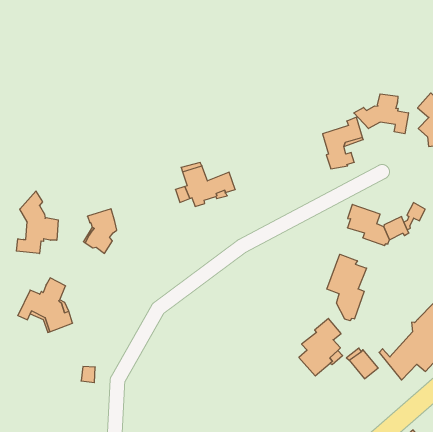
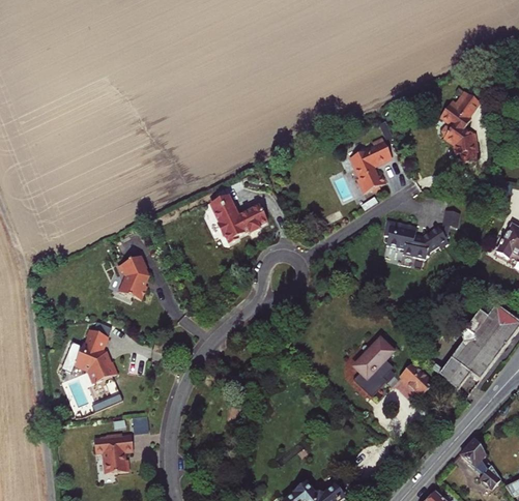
building: [354,94,408,134] -> none
building: [16,191,58,254] -> none
building: [327,254,367,321] -> none
building: none -> [92,433,132,473]

